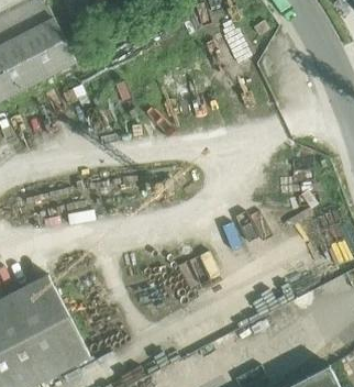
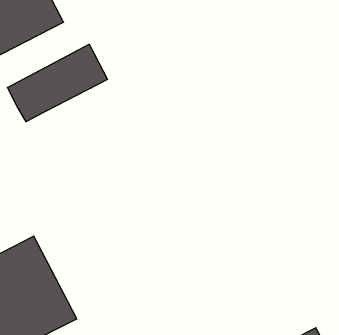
building: none -> [7,44,107,122]

